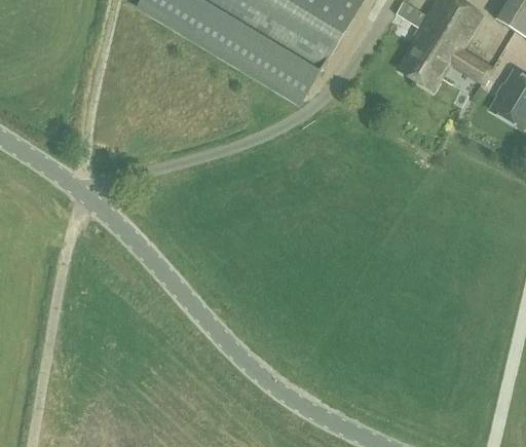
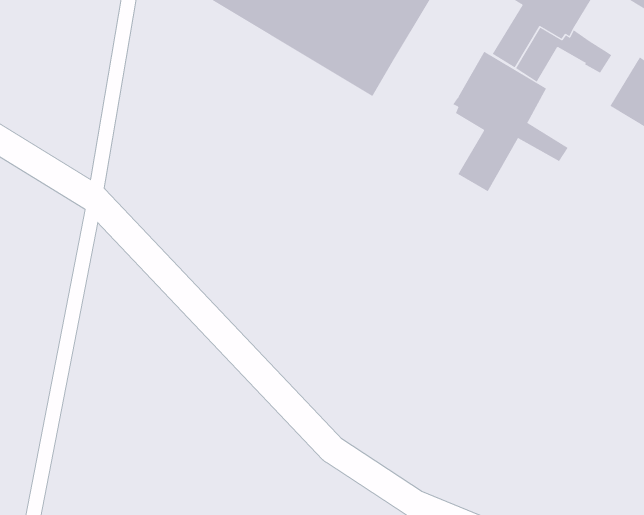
building: none -> [453,51,569,192]

